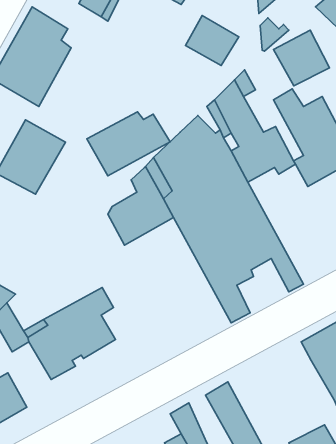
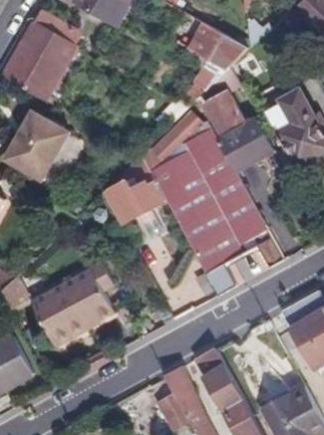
building: [274,30,329,86] -> none
building: [87,112,170,176] -> none

